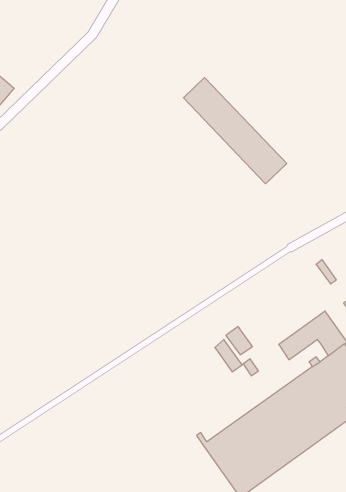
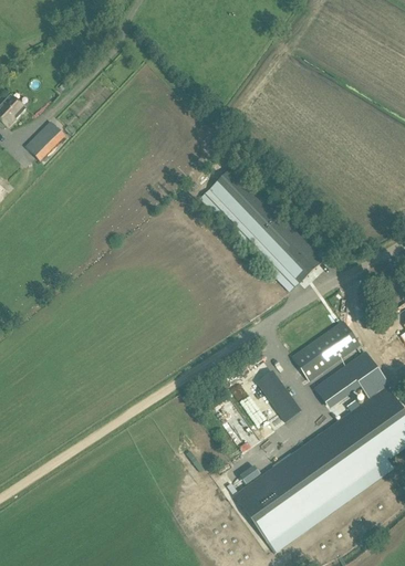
building: [183,78,287,184] -> [209,167,322,283]
building: none -> [24,122,64,161]
building: none -> [292,319,360,381]

